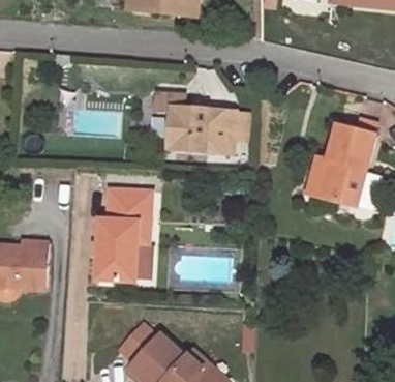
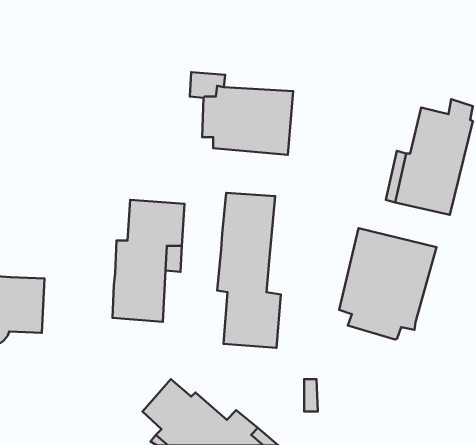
building: none -> [217,193,281,348]
building: none -> [339,228,436,339]

